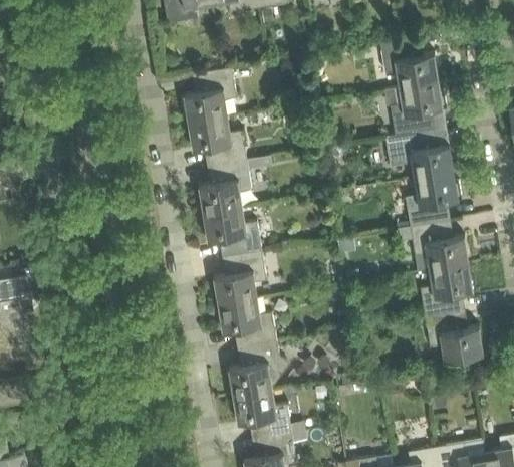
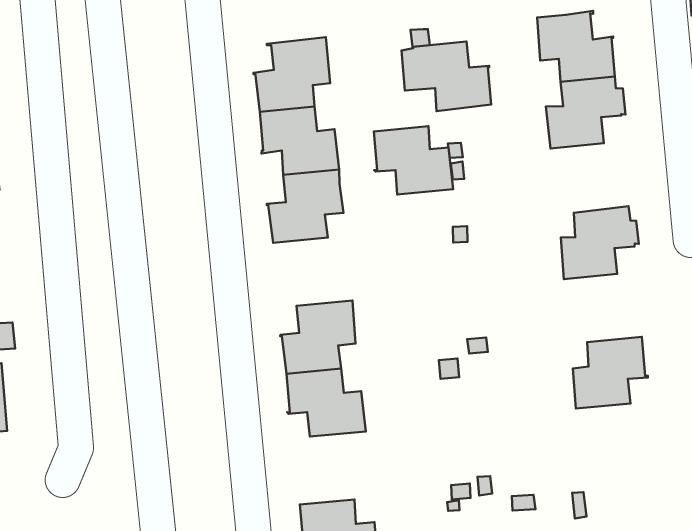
building: [387,128,452,178] -> [402,42,491,111]
building: [204,206,262,255] -> [374,126,453,194]
building: [396,219,467,270] -> none
building: [424,309,483,360] -> none
building: [228,340,289,395] -> none

